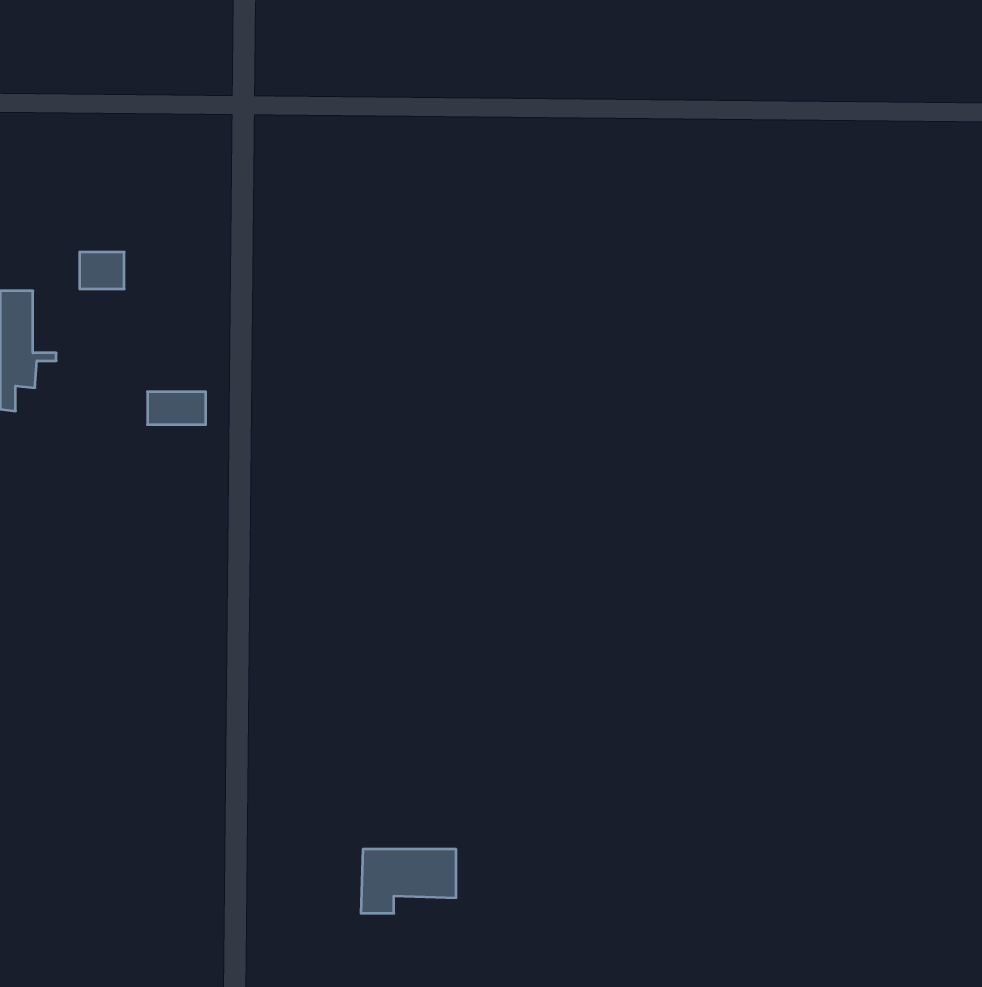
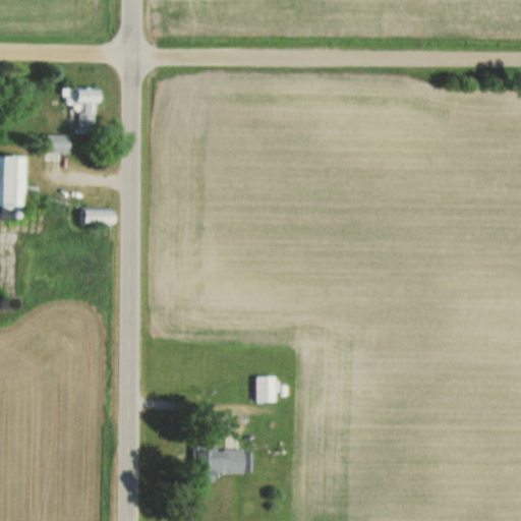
building: none -> [63,86,98,133]
building: none -> [256,375,276,401]

